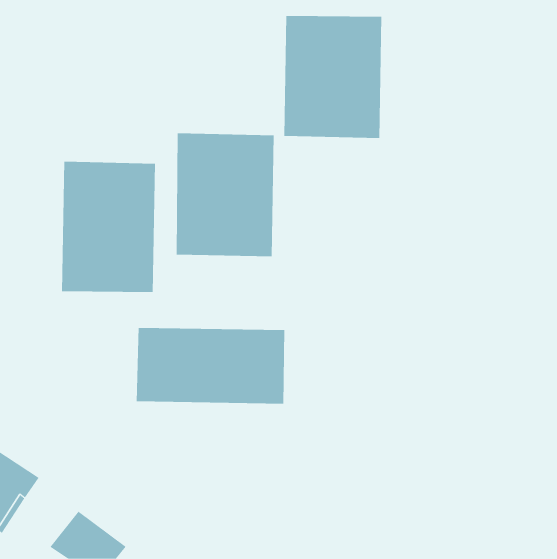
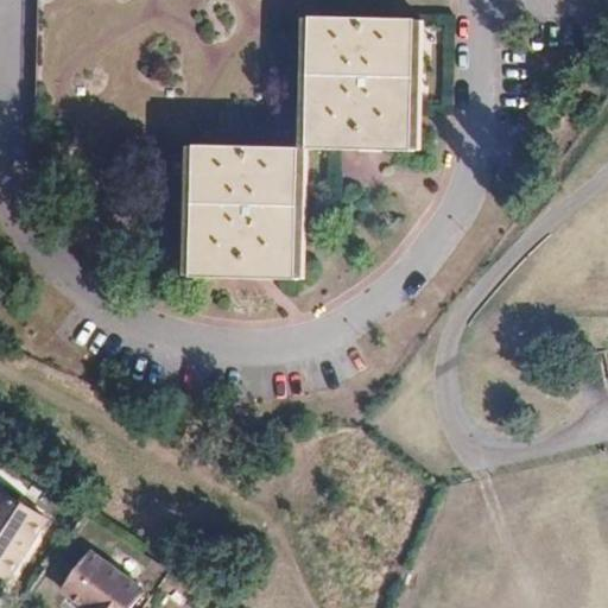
building: [62,161,155,293] -> none
building: [136,327,285,404] -> none

